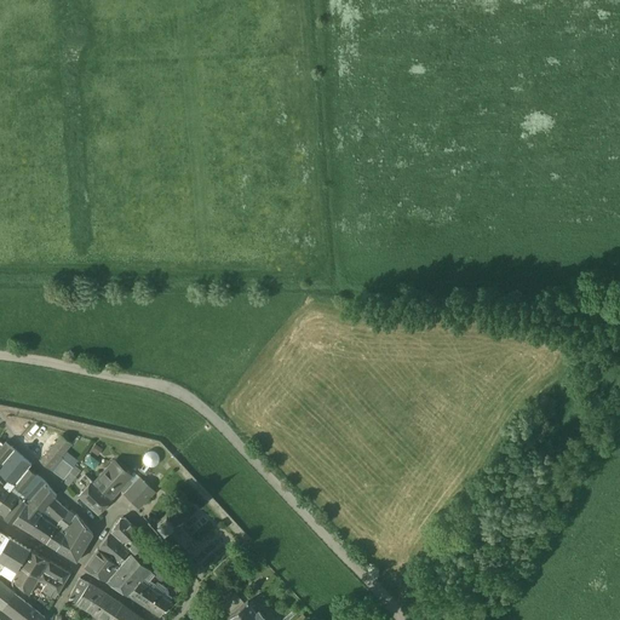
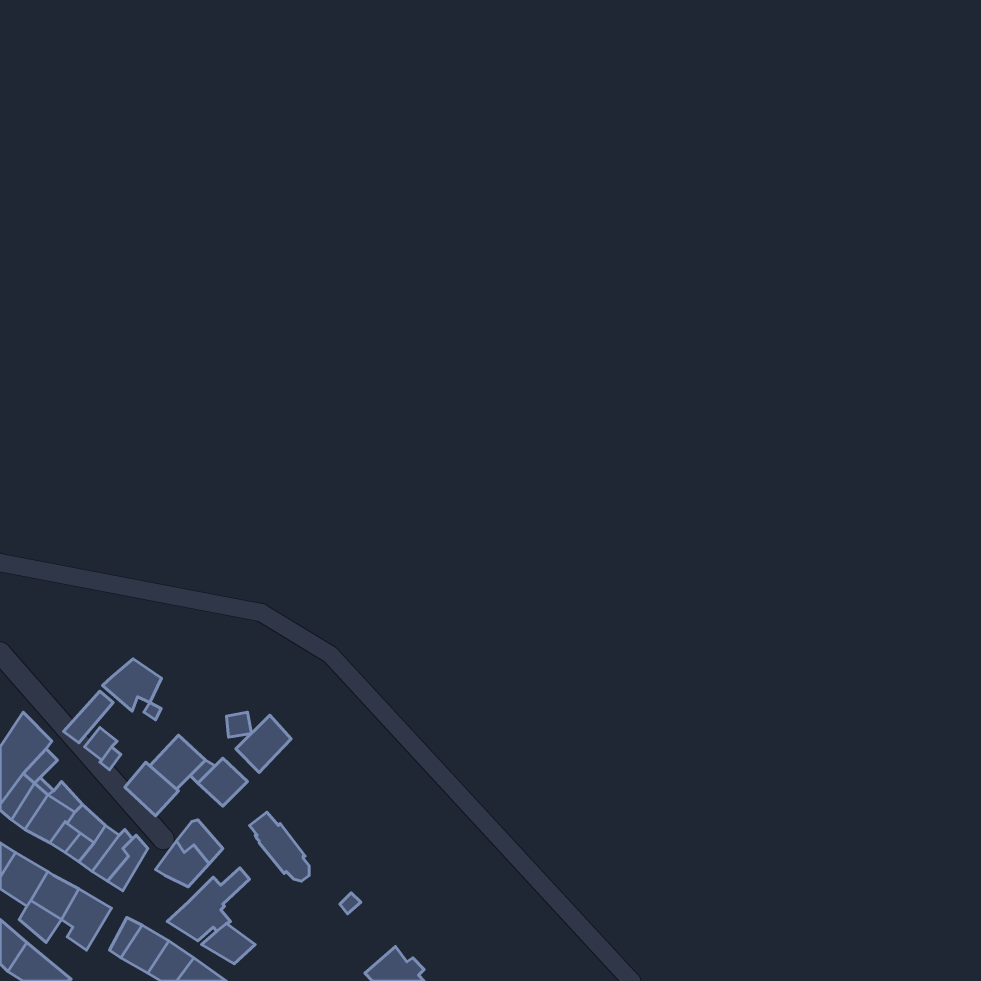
building: none -> [103,659,161,711]
building: none -> [236,715,291,773]
building: [85,549,119,581] -> none

